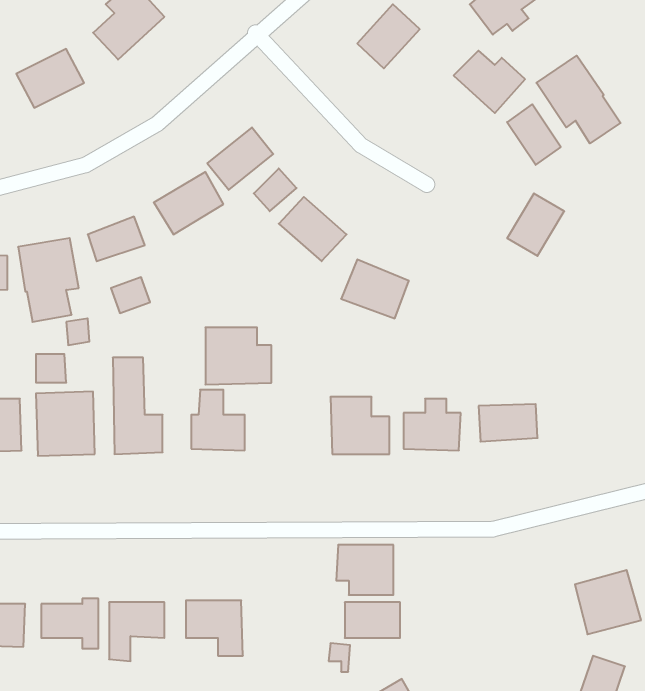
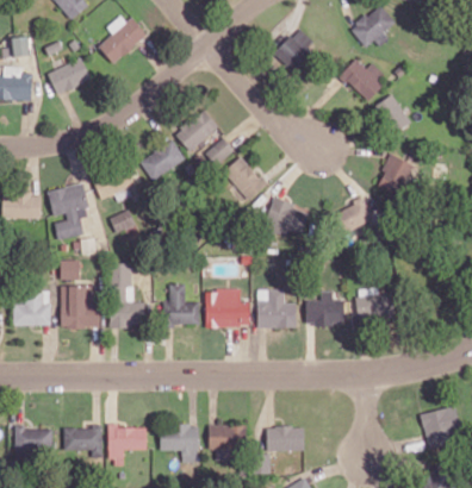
building: [536,56,621,143] -> none
building: none -> [337,199,372,230]
building: [205,327,271,385] -> [205,289,249,327]
building: [336,545,393,595] -> [207,425,246,458]

